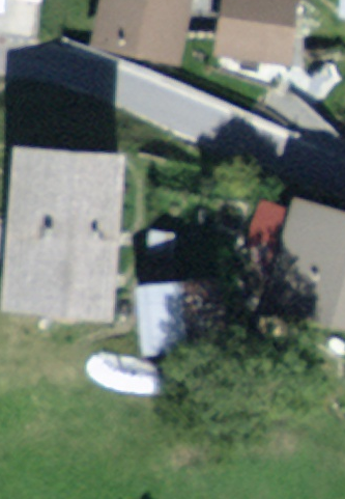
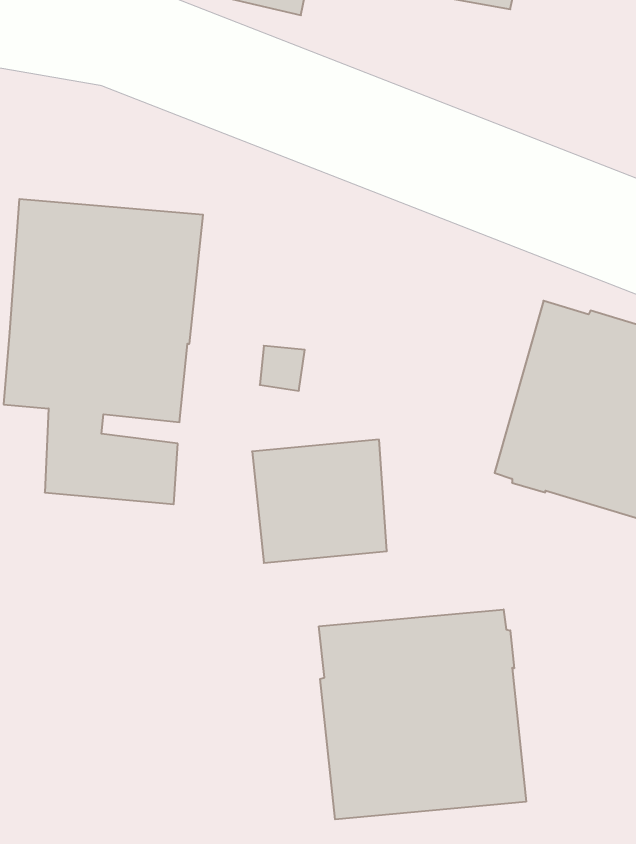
building: none -> [319,609,526,819]

